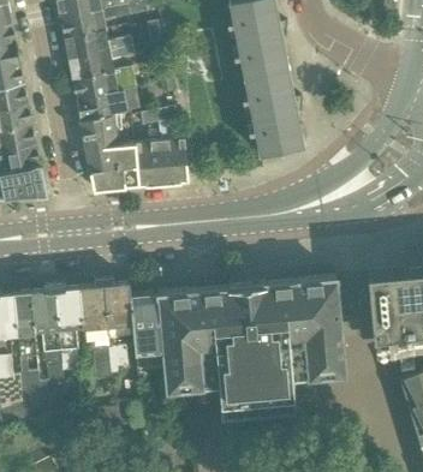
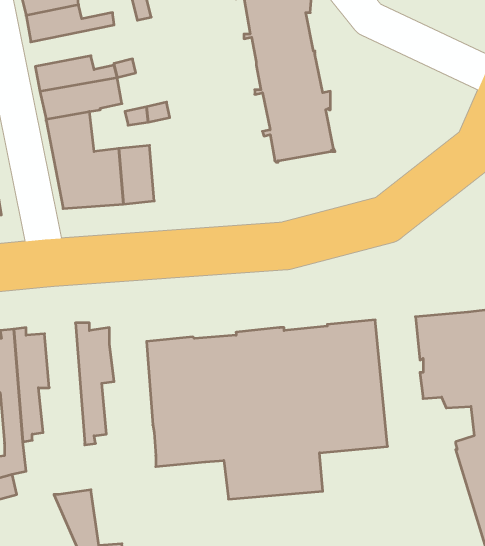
building: [67,44,143,79] -> none
building: [160,139,187,184] -> none
building: [78,279,109,380] -> none
building: [129,293,163,366] -> none

